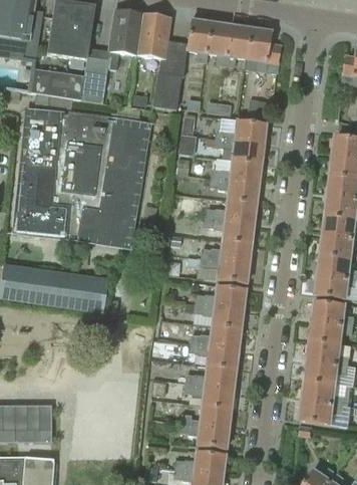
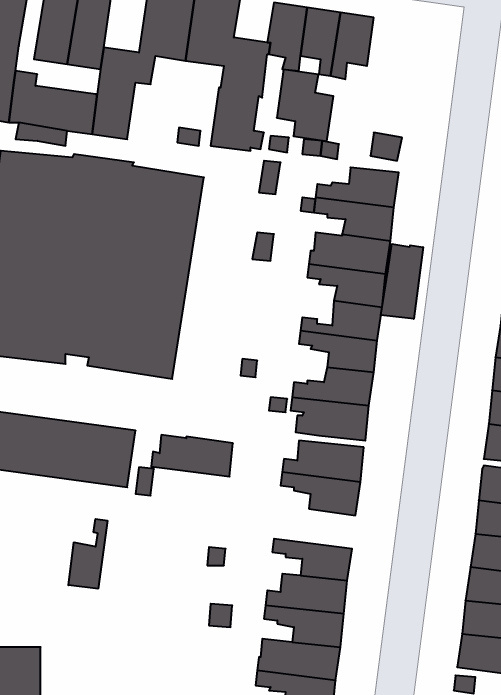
building: [247,29,281,72] -> [277,70,333,141]
building: none -> [381,244,423,319]
building: [191,324,240,349] -> [151,435,233,477]
building: none -> [68,519,107,589]

